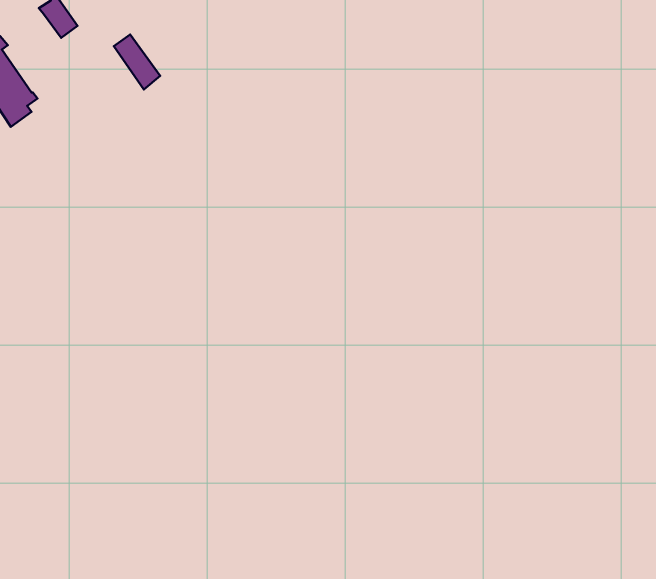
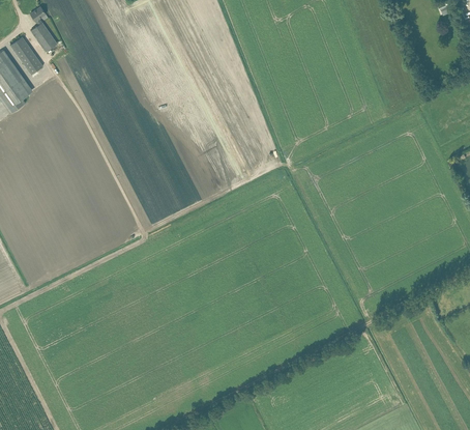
building: [114,34,160,89] -> [11,36,43,75]

